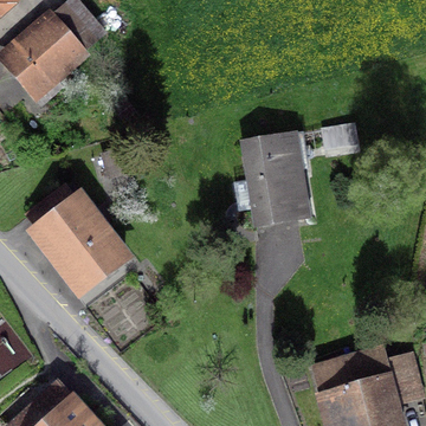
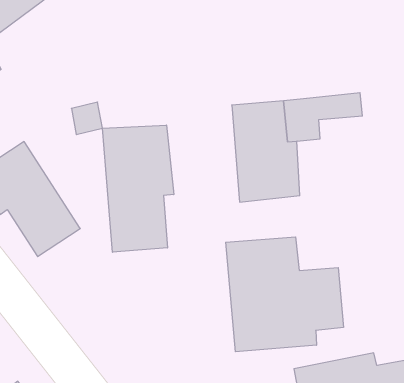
building: none -> [103,125,174,252]
building: none -> [226,237,343,352]

